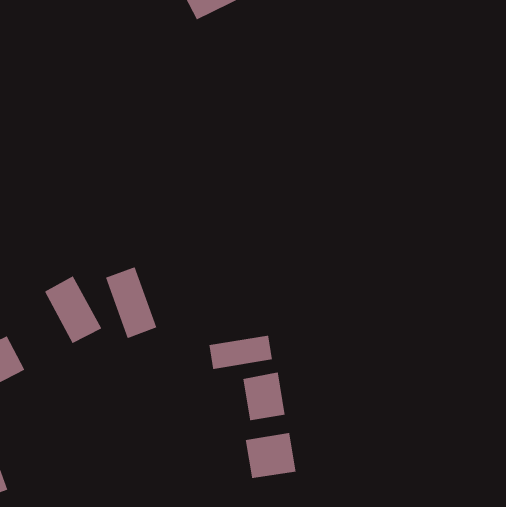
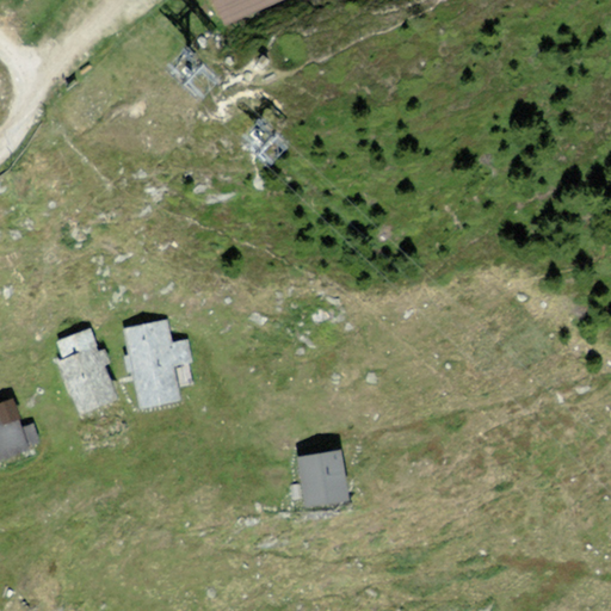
building: [209,335,272,370] -> none
building: [245,432,296,479] -> none

